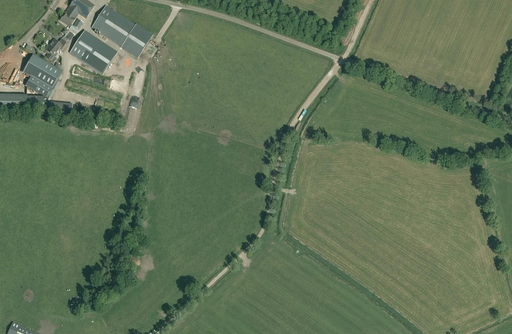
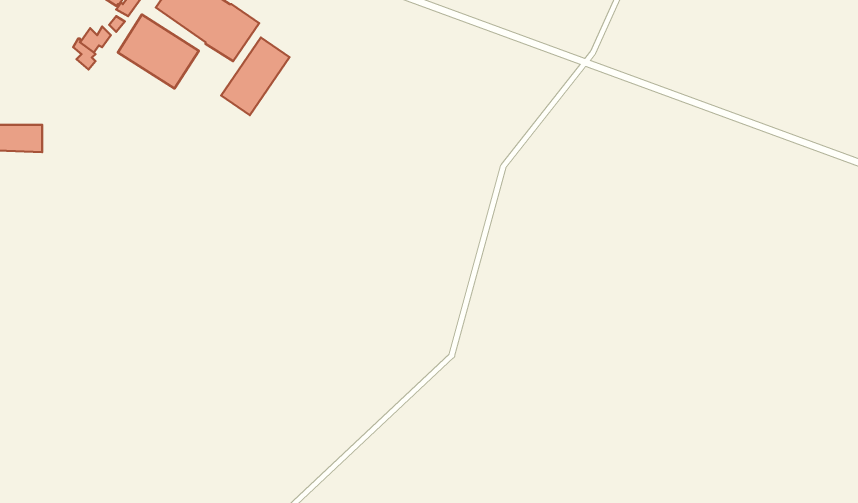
building: none -> [221,38,289,115]
building: [23,54,61,97] -> none

